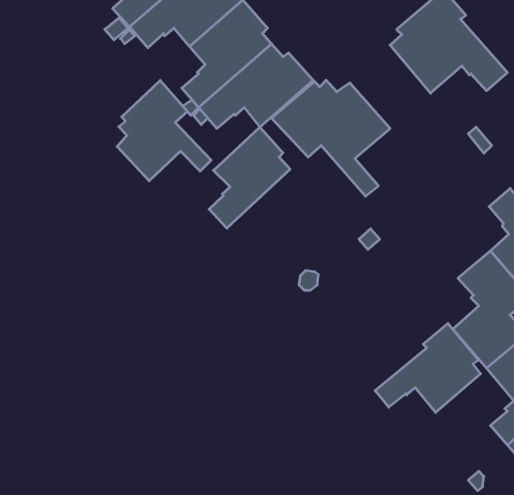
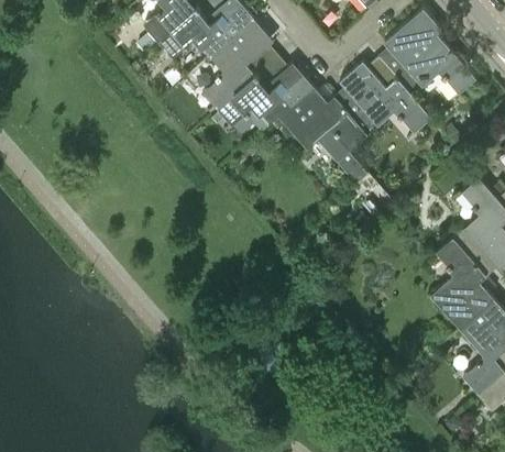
building: none -> [339,56,432,133]
building: [117,80,211,181] -> none
building: [209,127,290,228] -> none
building: [375,323,481,413] -> none

